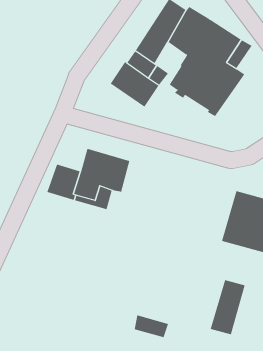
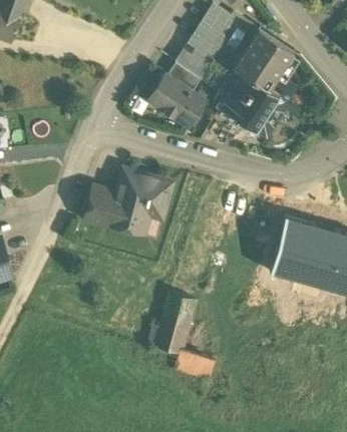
building: [210,280,246,335] -> [154,292,194,352]

